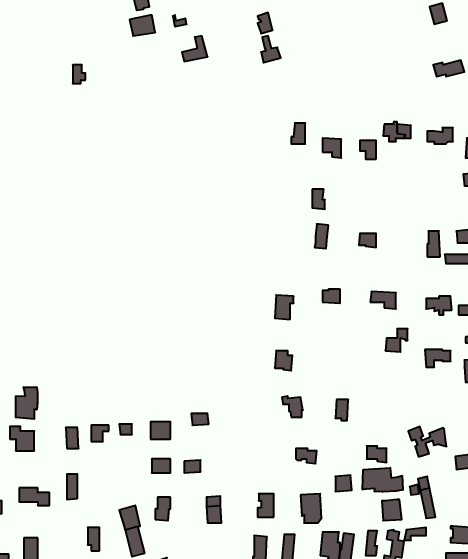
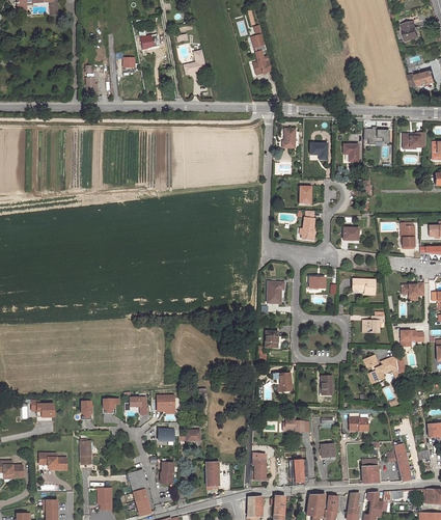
building: [16,387,37,419] -> none
building: [408,427,447,457] -> [364,355,398,382]
building: [363,468,403,492] -> none

